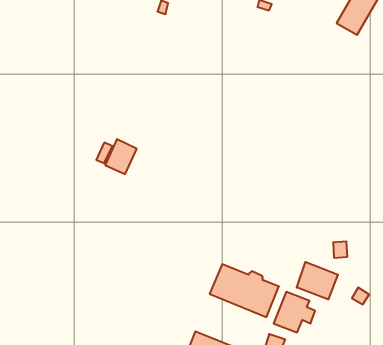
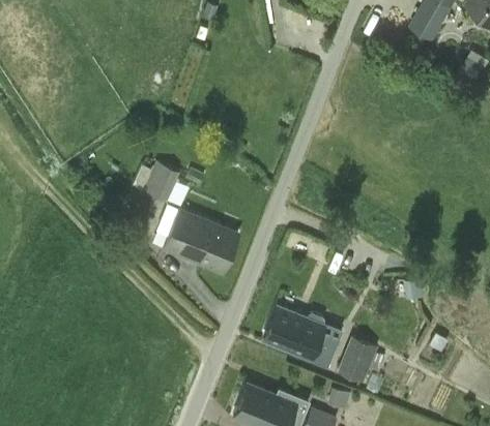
building: none -> [162,211,237,273]
building: [297,262,338,299] -> none

